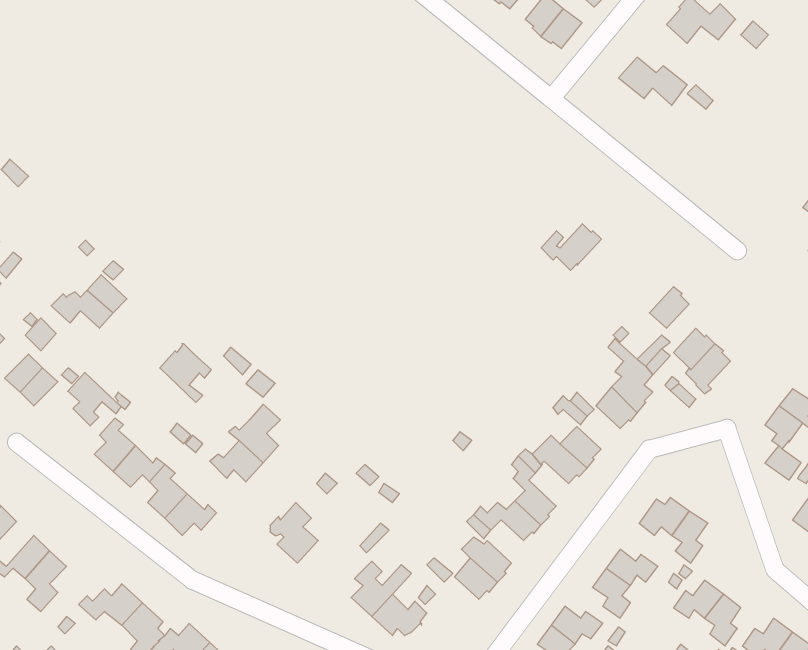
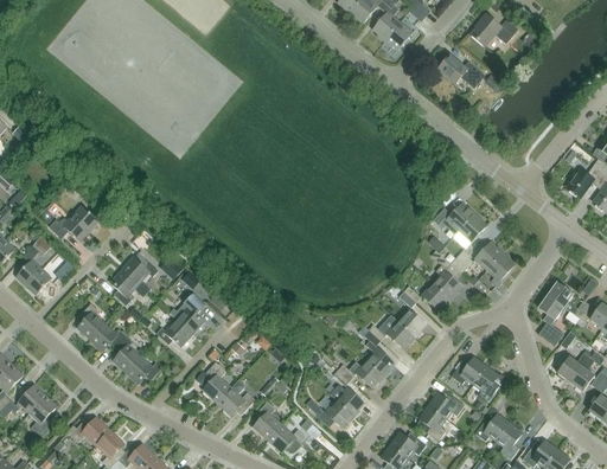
building: [541,224,601,270] -> [434,203,475,234]
building: [68,372,121,426] -> [110,269,147,306]
building: none -> [217,380,255,416]

